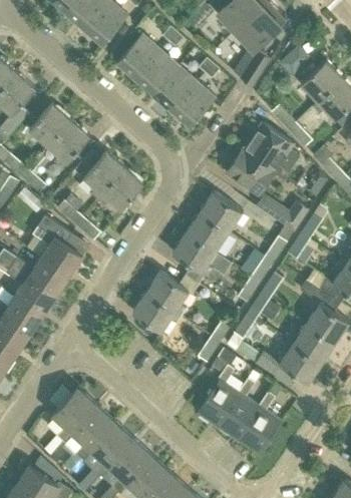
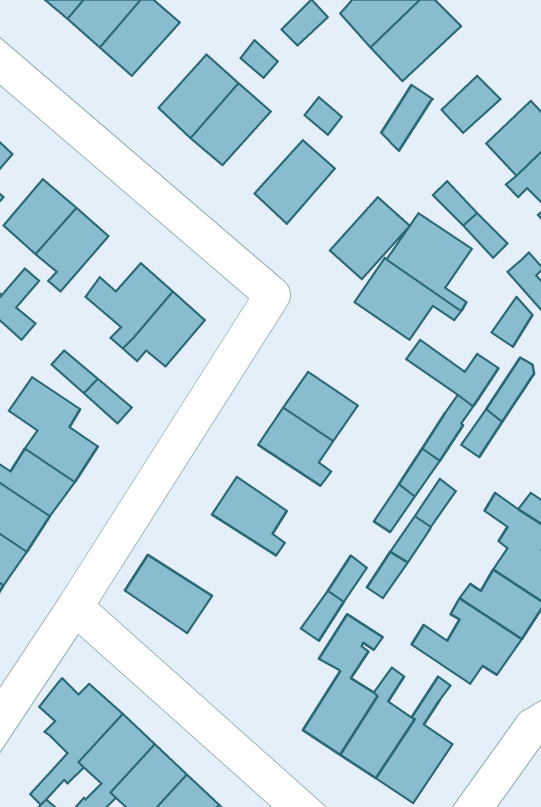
building: [152,65,198,111] -> [330,197,410,279]
building: [201,191,242,230] -> none
building: [133,292,183,336] -> [125,555,212,633]

